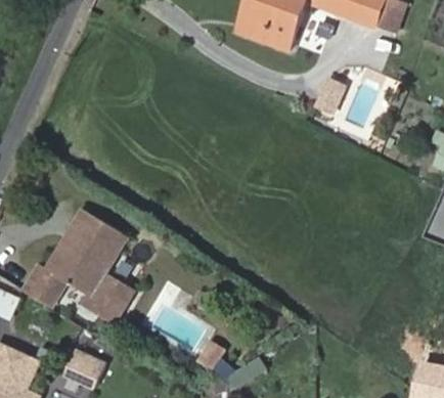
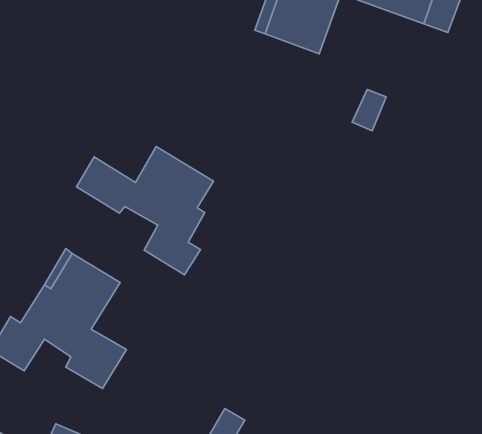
building: none -> [77,146,213,275]

